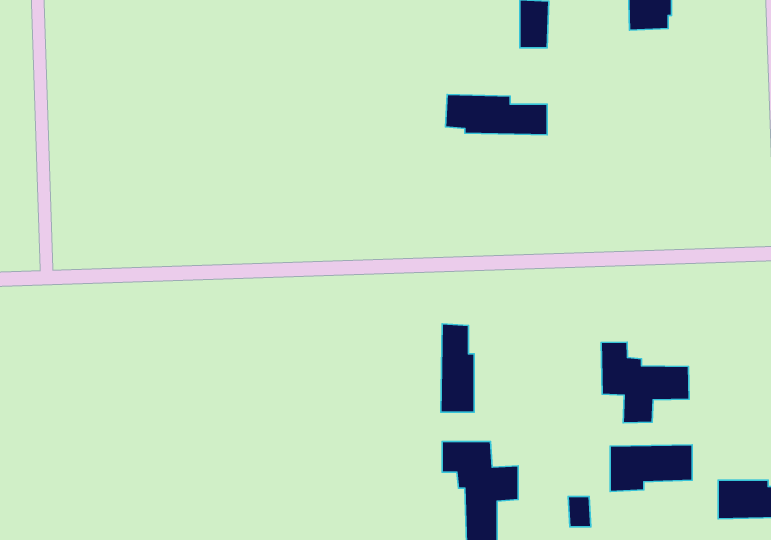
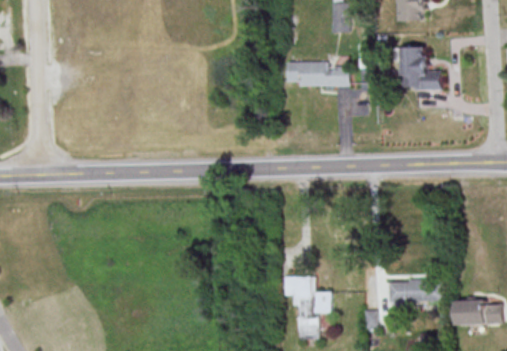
building: none -> [395,47,442,89]
building: [441,324,474,412] -> none
building: [601,342,689,423] -> none

